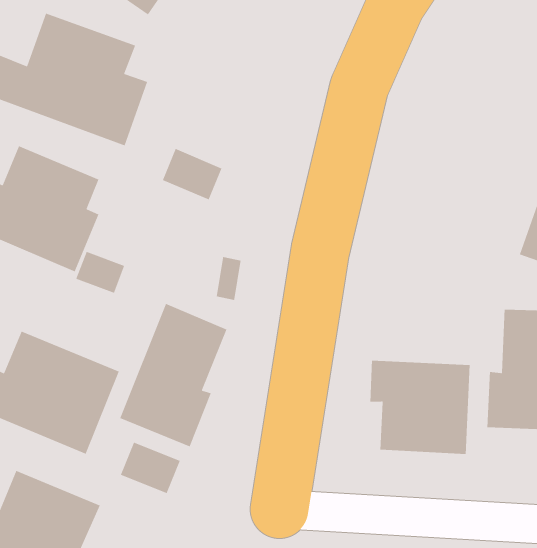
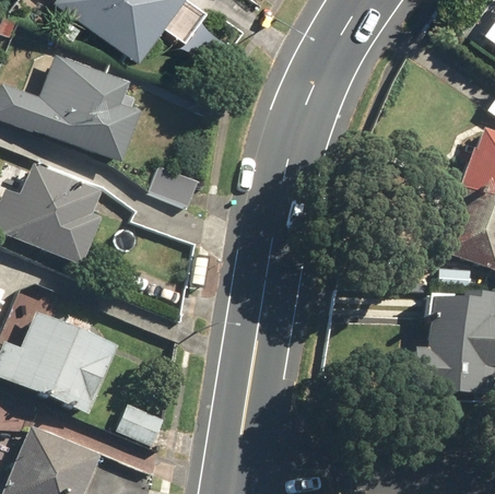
building: [119,303,228,447] -> none
building: [370,360,471,455] -> none

